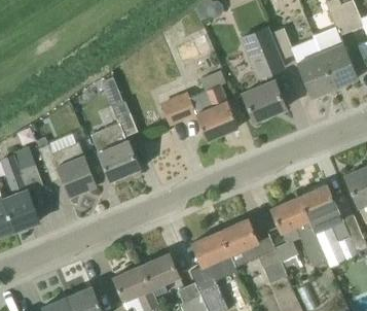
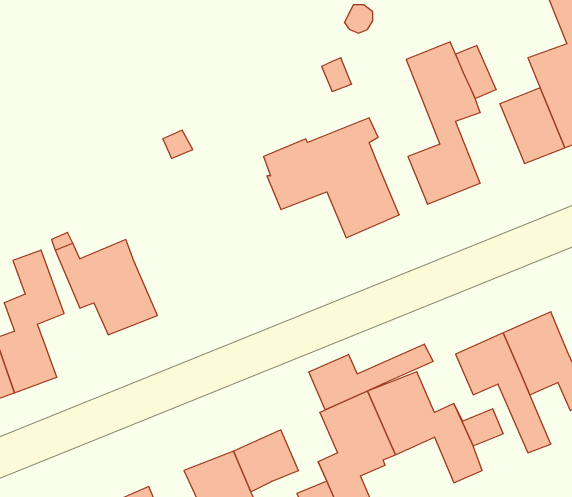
building: [90,101,139,181] -> none
building: none -> [309,344,433,410]

